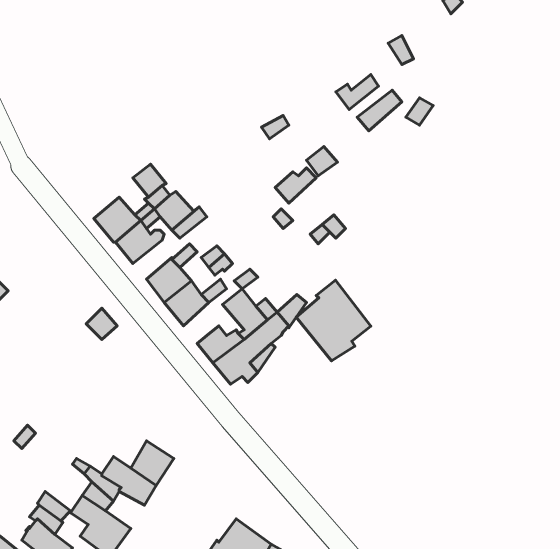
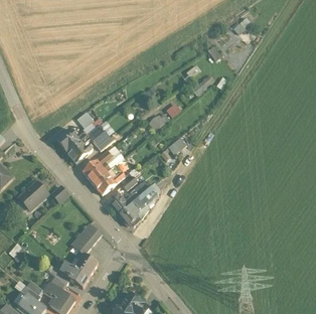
building: [296,280,371,361] -> none
building: none -> [18,182,47,210]
building: none -> [73,223,101,252]

